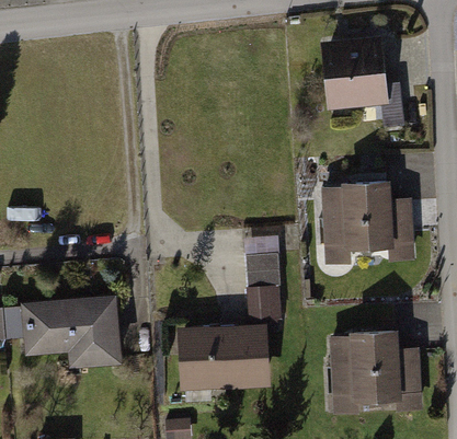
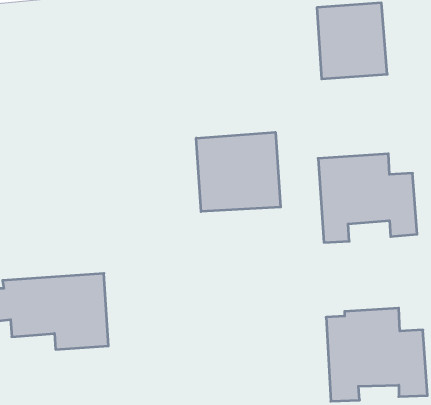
building: none -> [196,132,281,212]
building: [178,235,281,394] -> none

